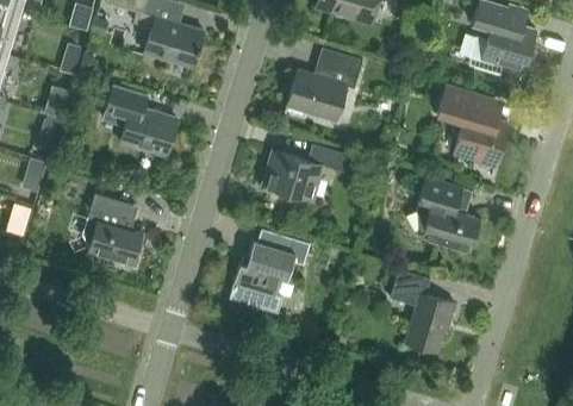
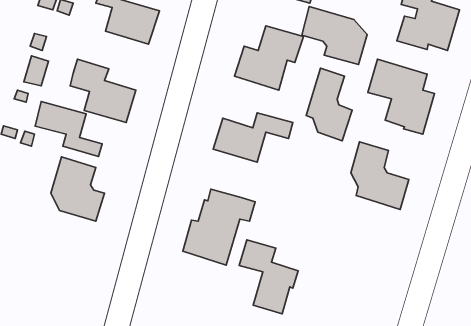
building: none -> [302,7,367,65]
building: none -> [306,68,352,141]
building: none -> [35,101,102,156]
building: [390,269,455,351] -> [239,240,298,314]

